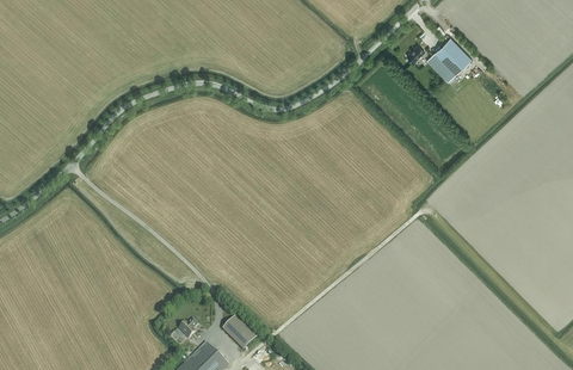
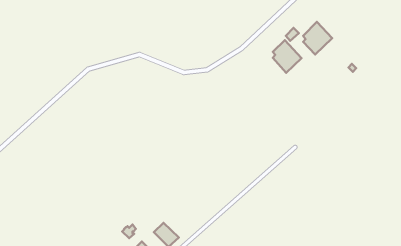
building: none -> [273,40,302,73]

